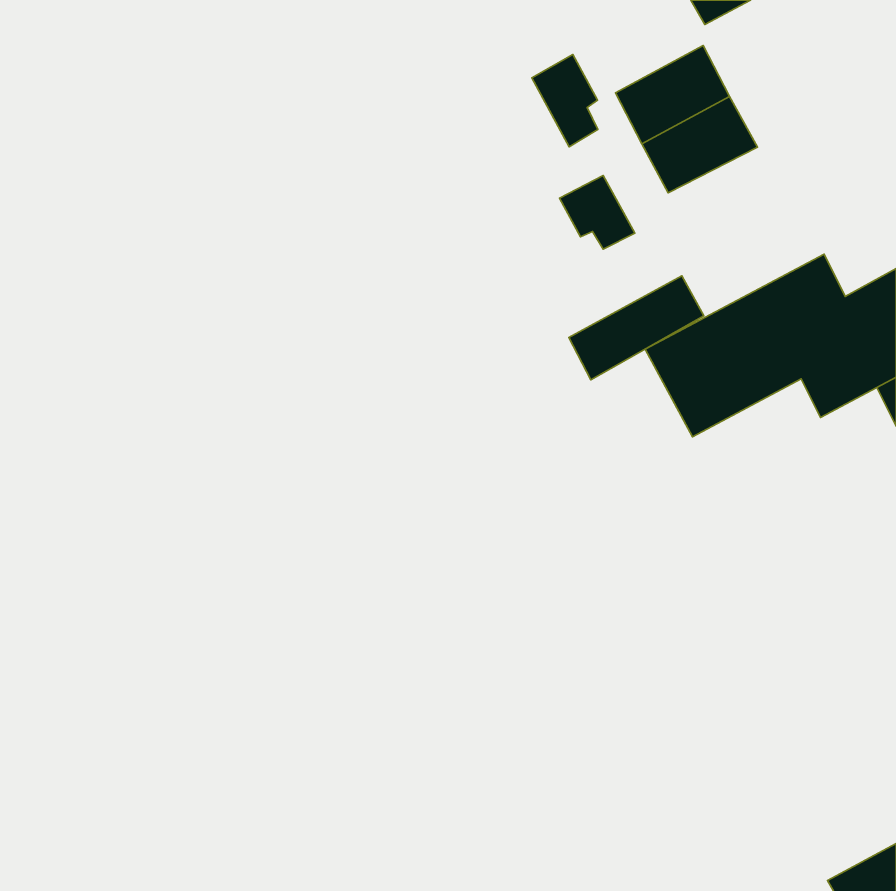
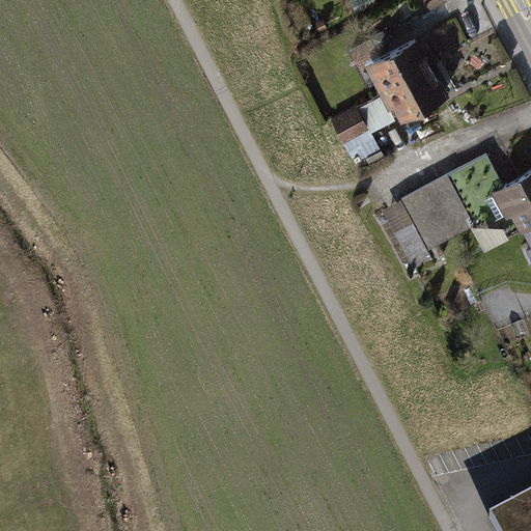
building: [532,54,598,147] -> none
building: [569,276,704,380] -> none

